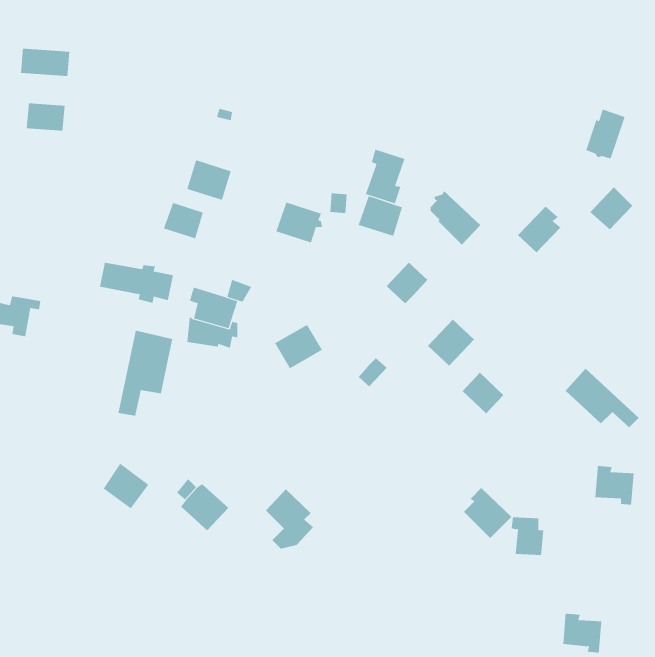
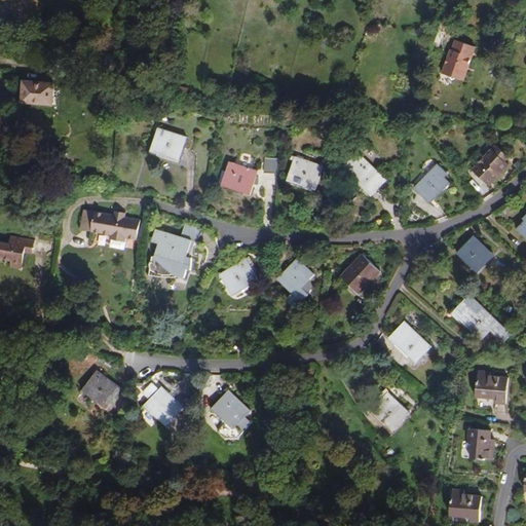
building: [20,48,70,77] -> none
building: [586,109,625,159] -> [441,42,473,82]
building: [365,149,405,204] -> none
building: [163,202,203,239] -> none
building: [386,262,428,304] -> [277,259,311,293]
building: none -> [457,235,492,270]
building: [118,330,173,417] -> none
building: [462,372,504,414] -> [396,328,429,362]
building: [511,517,544,555] -> [466,429,493,460]

